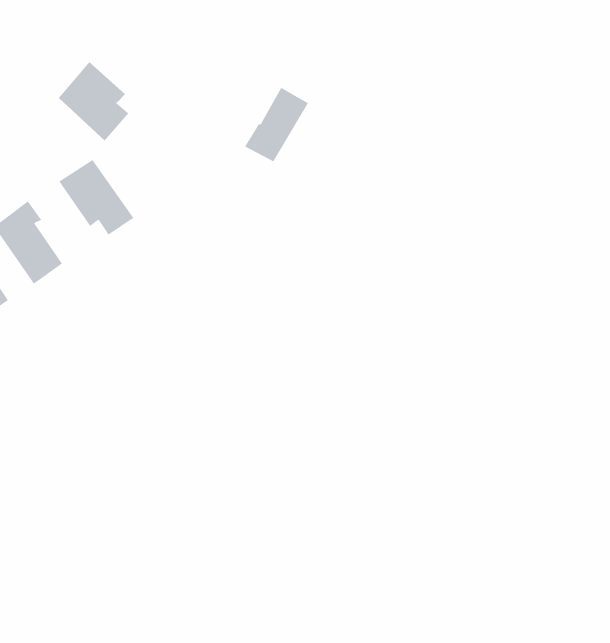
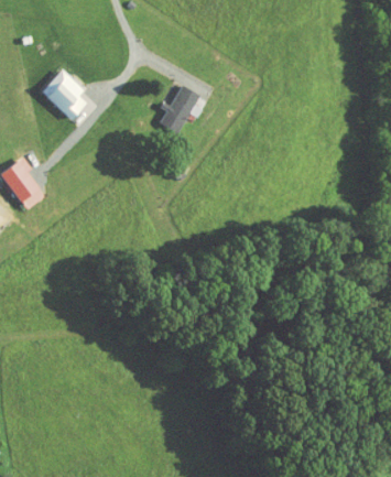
building: [58,159,134,235] -> none

